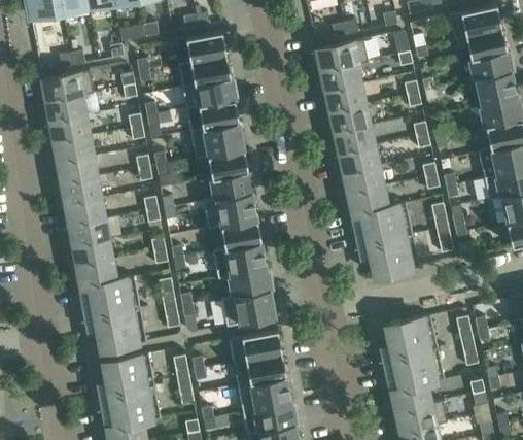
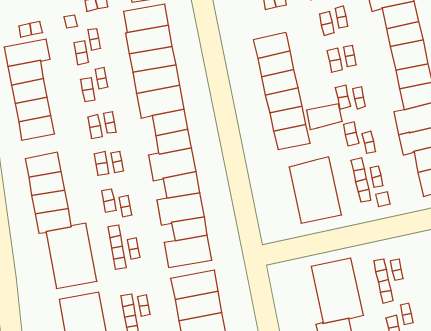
building: [317,40,368,72] -> none
building: [62,177,102,205] -> none
building: [349,188,389,216] -> [306,104,342,130]

